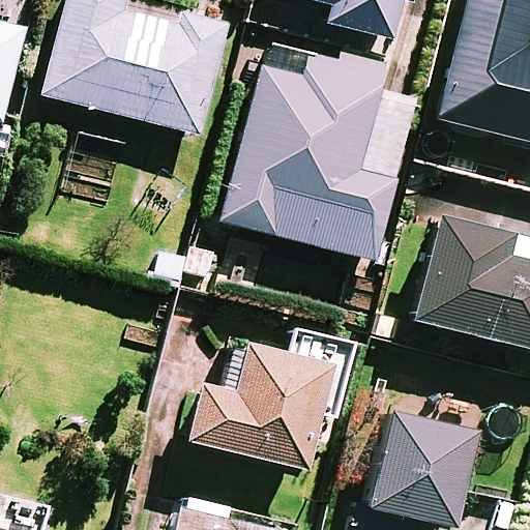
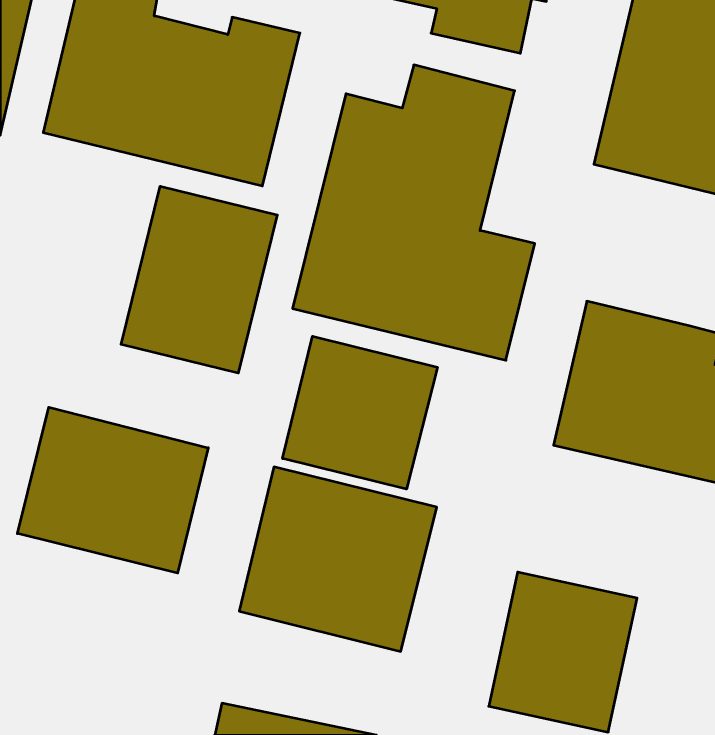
building: none -> [121,186,277,373]
building: none -> [283,336,437,489]
building: none -> [17,407,208,573]

